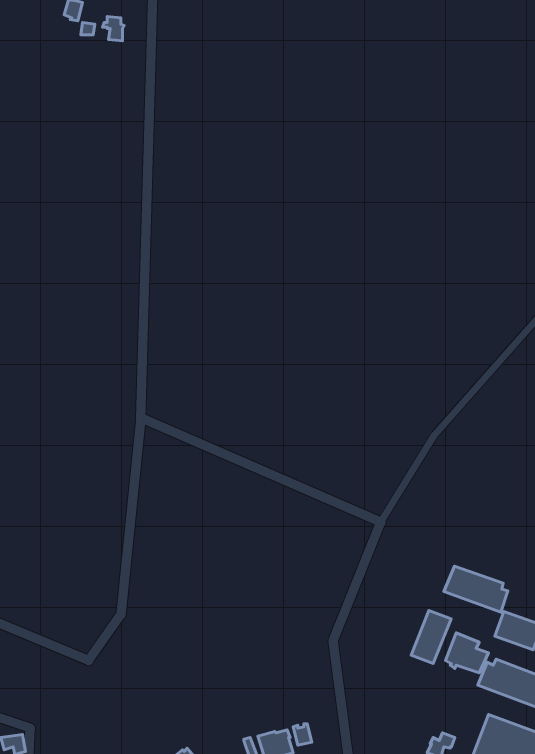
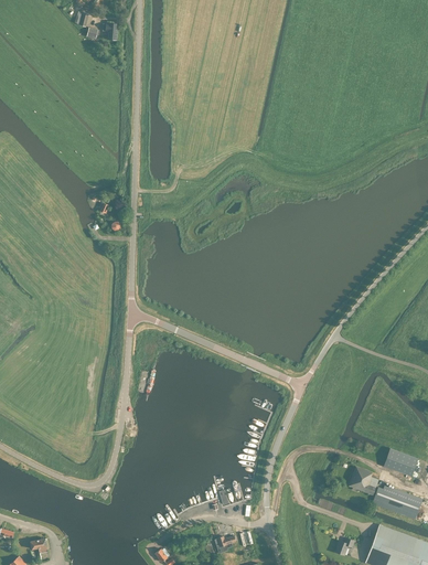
building: [444,566,508,612] -> none
building: [411,610,451,664] -> none

